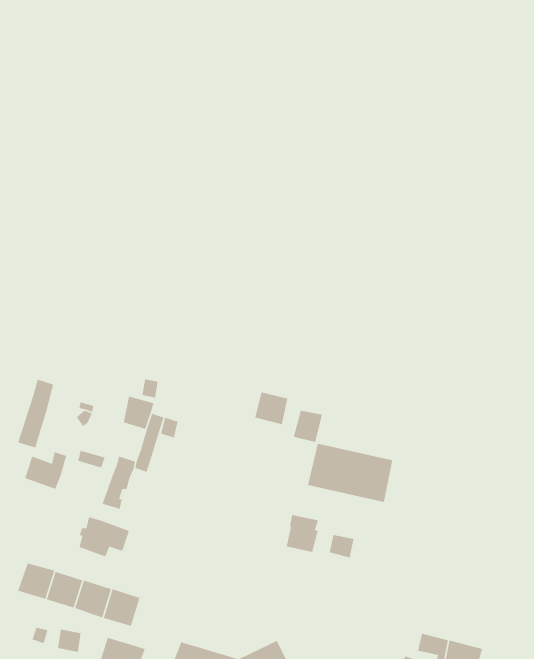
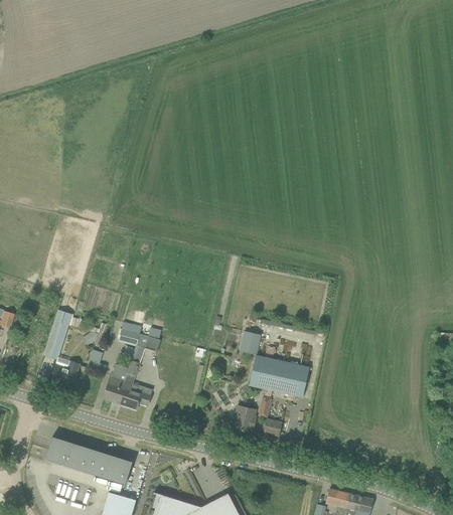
building: [252,391,288,425] -> none
building: [79,516,130,558] -> [117,380,153,409]

